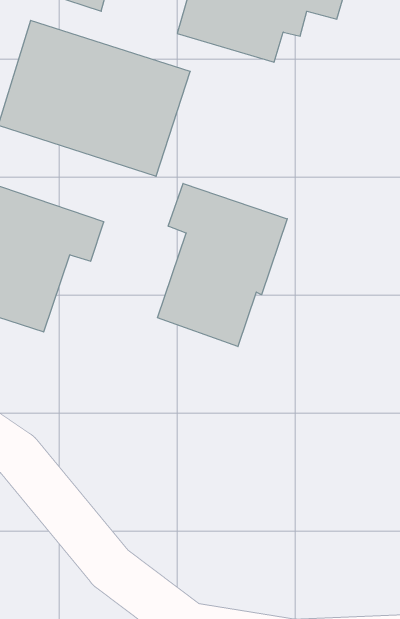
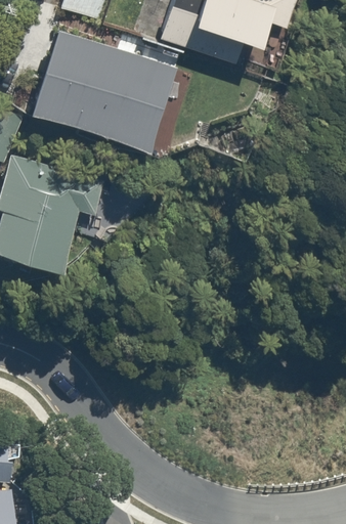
building: [157,183,287,347] -> none

